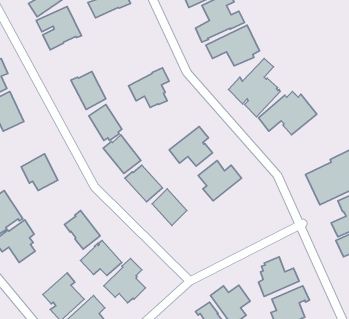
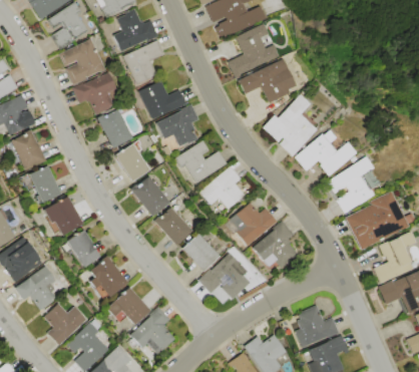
building: none -> [123,40,164,84]
building: none -> [72,71,116,115]
building: none -> [138,80,186,119]
building: none -> [174,140,228,183]
building: none -> [326,155,382,214]
building: none -> [27,165,59,203]
building: none -> [253,222,297,268]
building: none -> [58,230,99,268]
building: none -> [198,253,249,297]
building: none -> [44,304,86,346]

